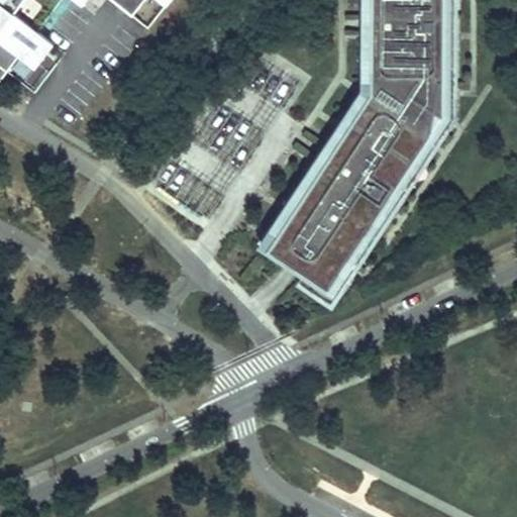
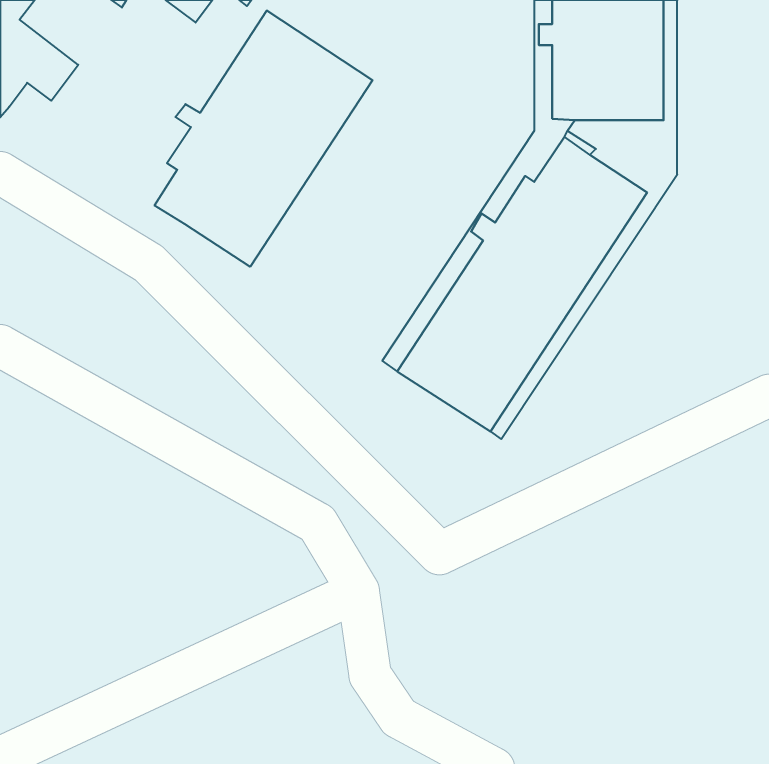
building: none -> [155,10,372,267]

